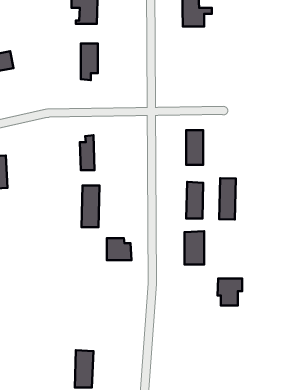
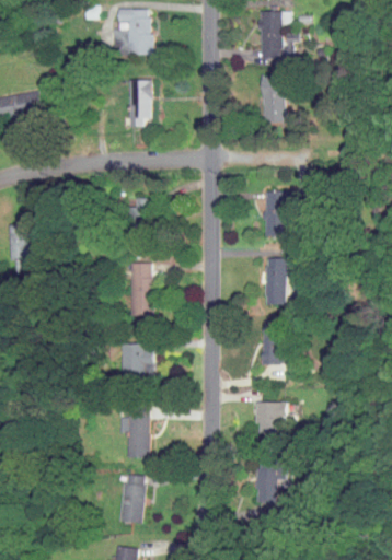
building: none -> [261,75,284,122]
building: [219,178,236,219] -> none
building: [107,238,131,260] -> [120,345,152,373]
building: [217,278,242,306] -> [254,402,286,438]
building: none -> [119,411,149,458]
building: none -> [256,460,286,503]

